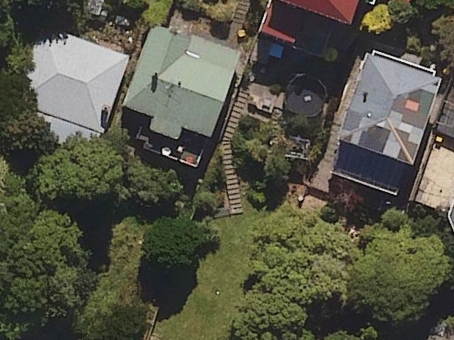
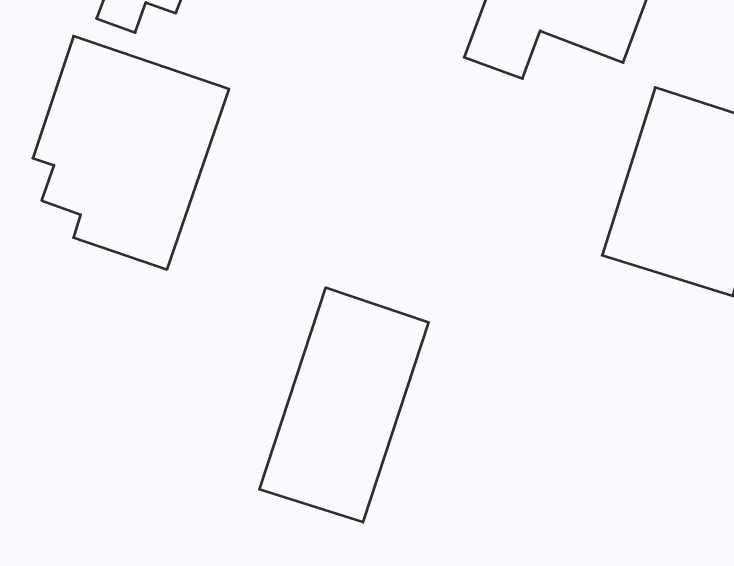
building: [126,23,242,166] -> none
building: none -> [259,288,428,522]

